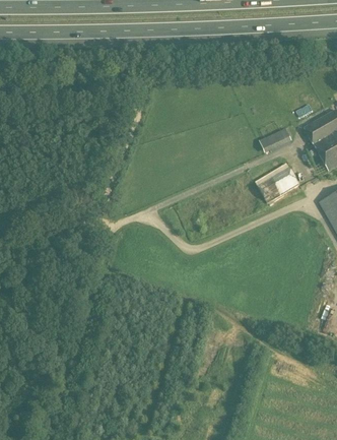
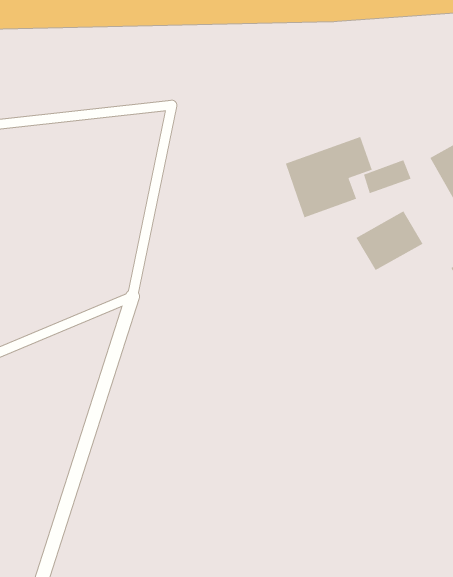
building: none -> [285,136,372,218]

